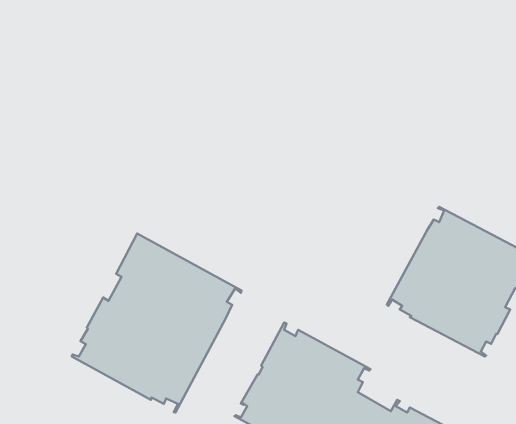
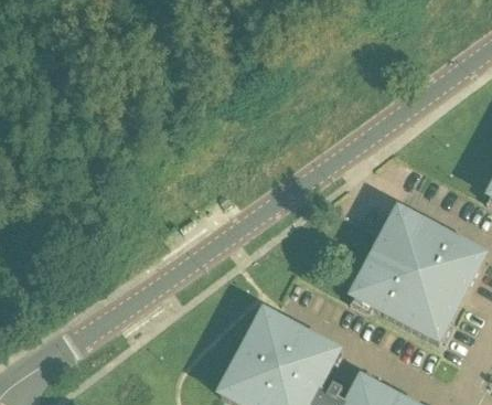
building: [72,234,241,412] -> none

